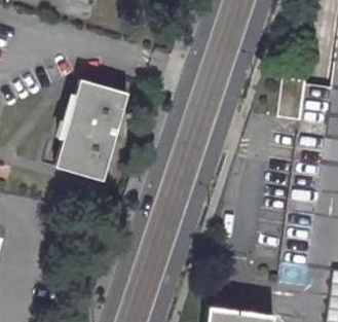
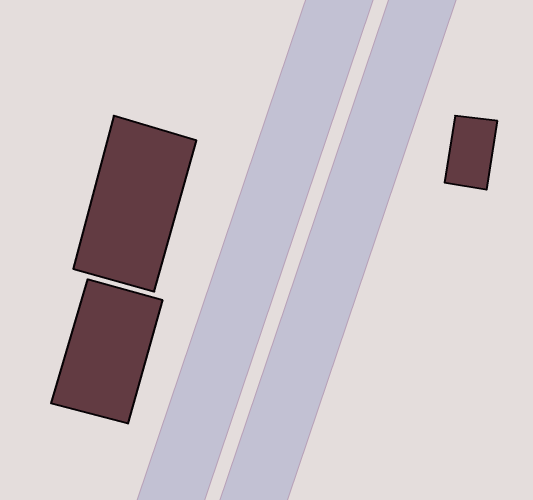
building: none -> [51,279,162,424]

